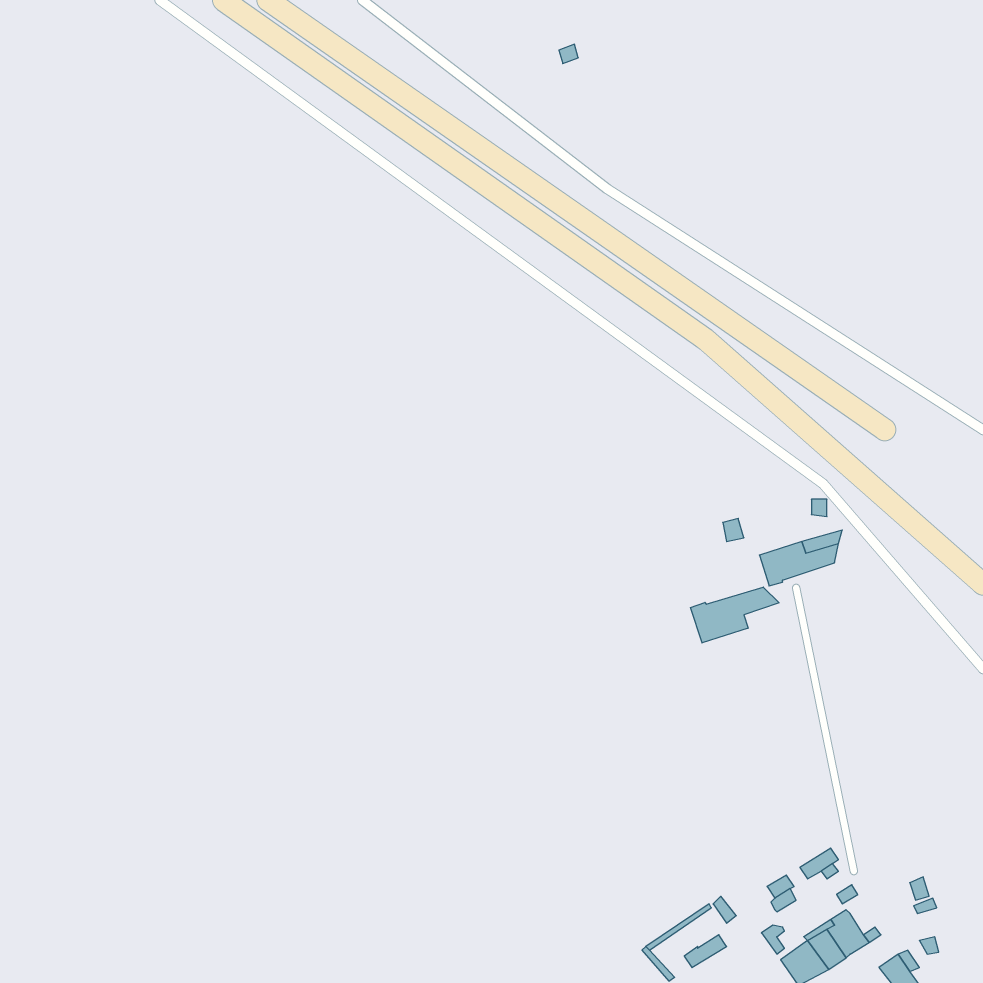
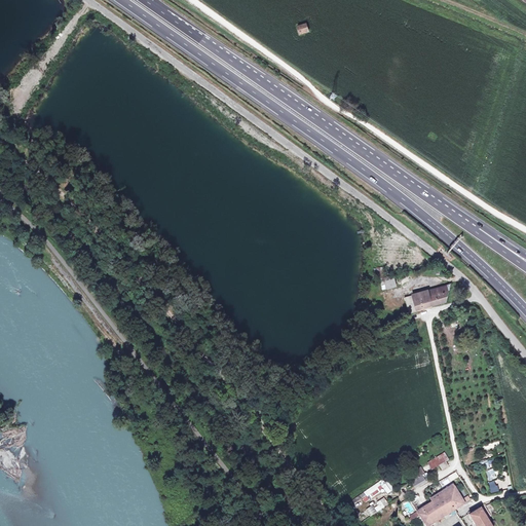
building: [691,587,779,643] -> none

